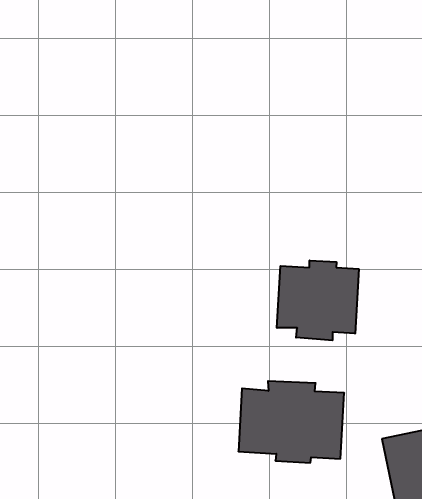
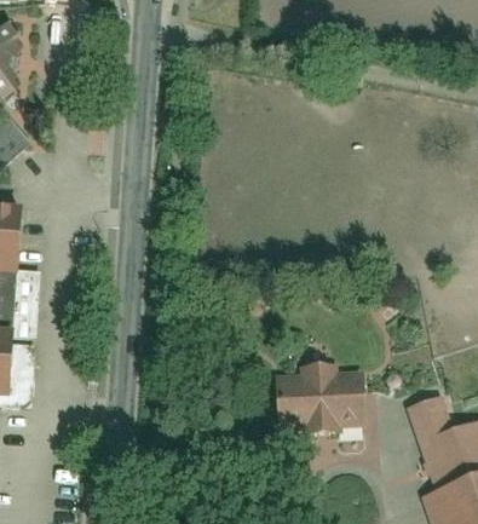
building: [277,260,359,340] -> none

